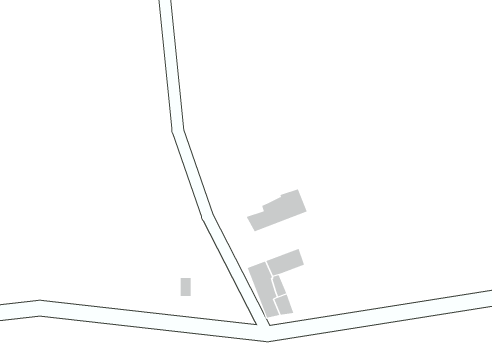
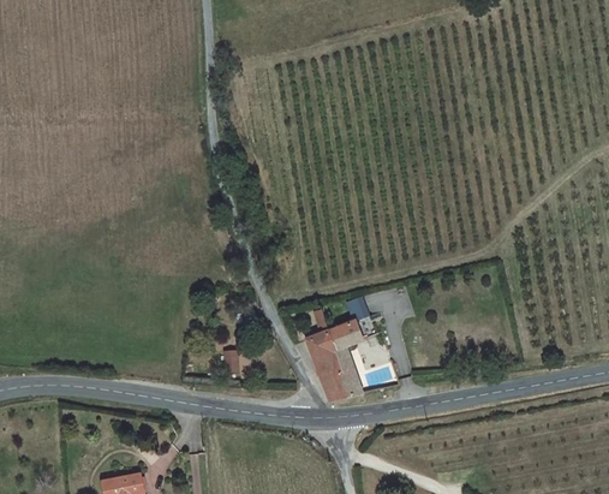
building: [246,188,308,232] -> none

